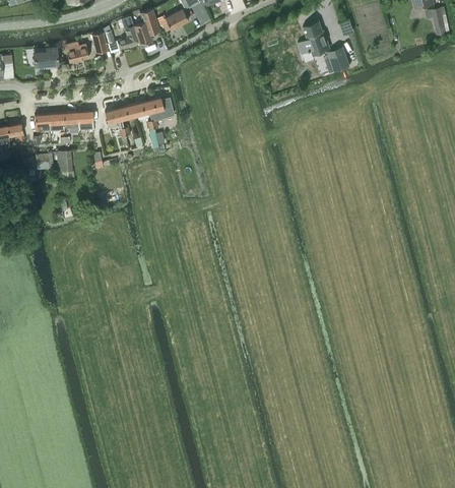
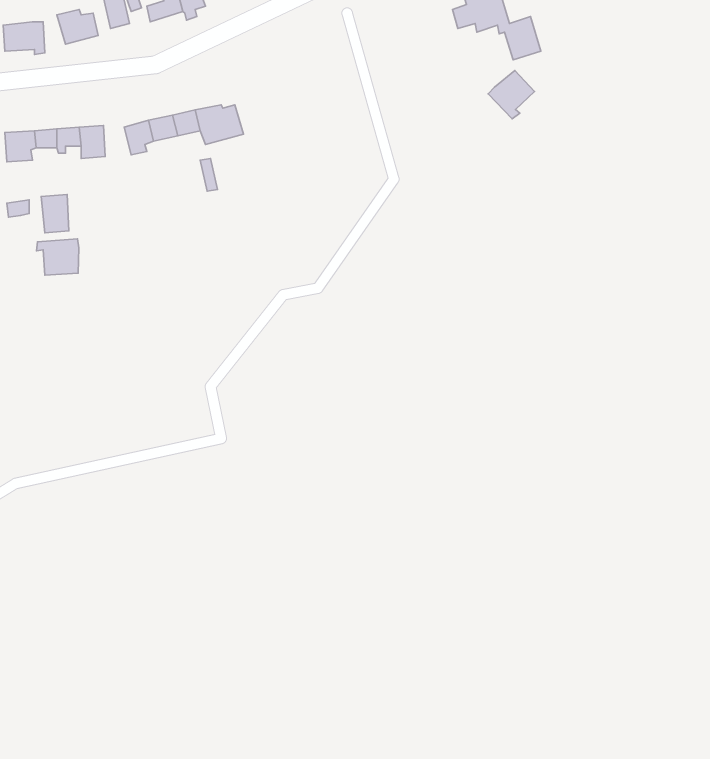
building: none -> [488,70,534,119]
building: none -> [36,239,79,275]

